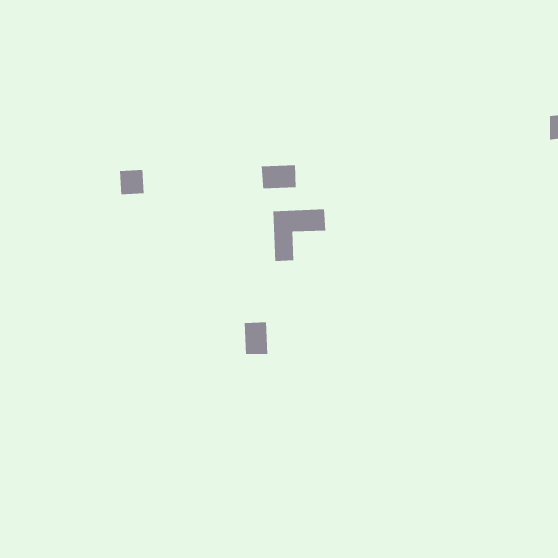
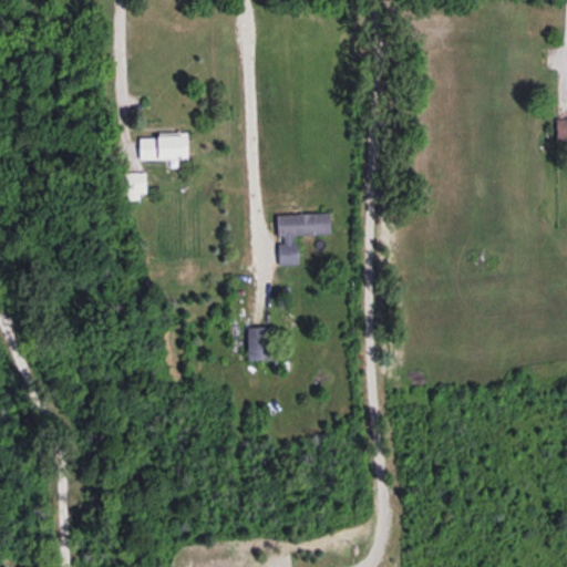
building: none -> [140,133,188,159]
building: [261,164,296,189] -> none

